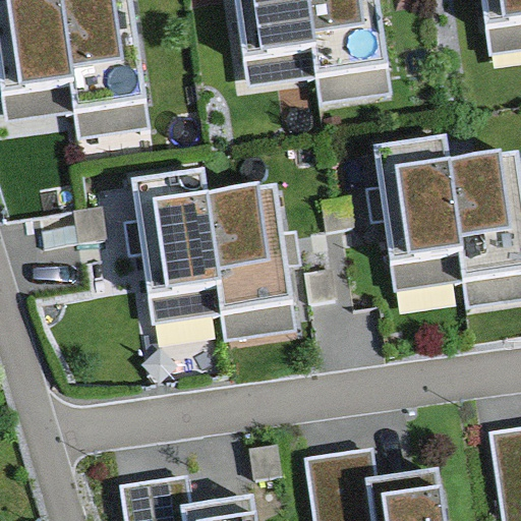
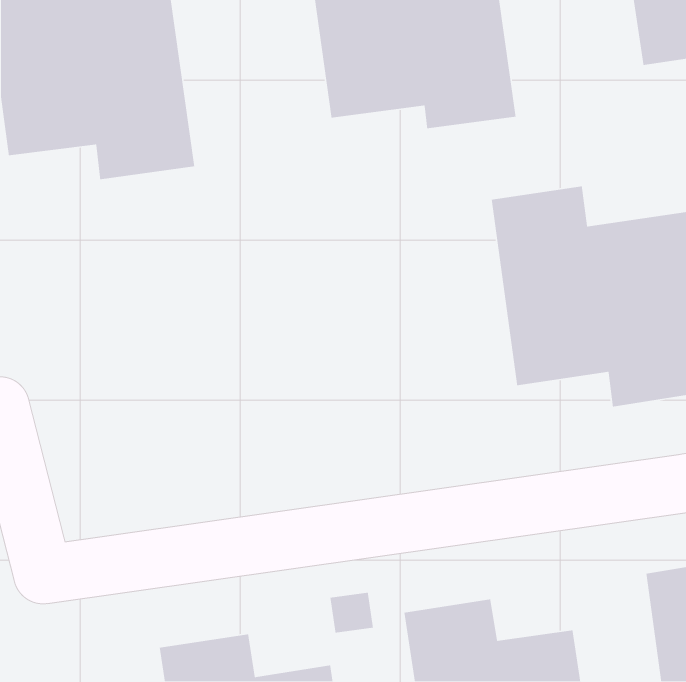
building: [130,175,302,344] -> none

